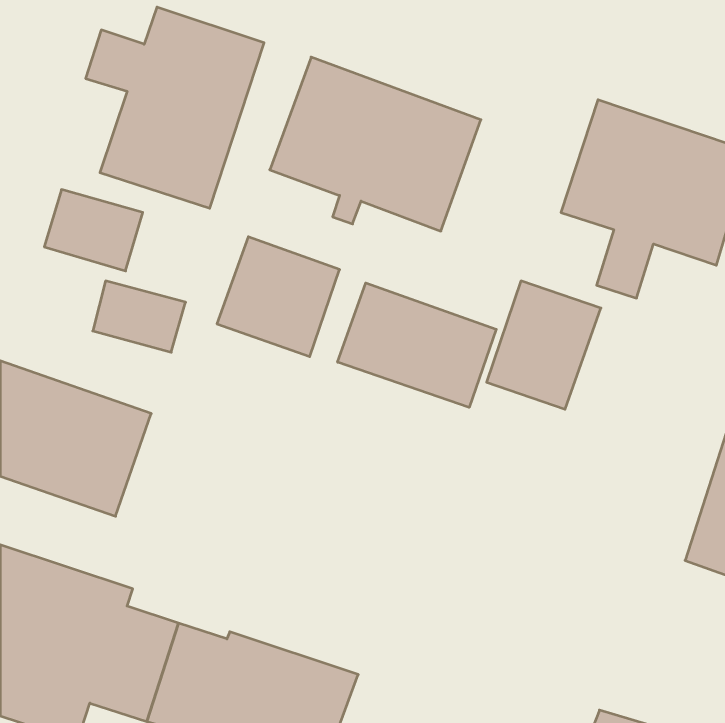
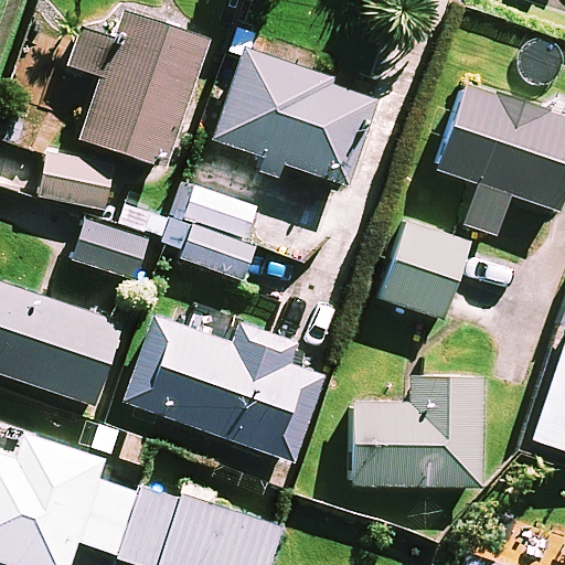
building: [338,283,496,407] -> none
building: none -> [122,315,323,460]
building: none -> [352,374,483,487]

